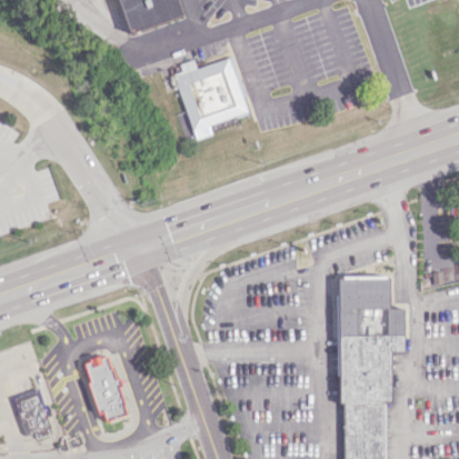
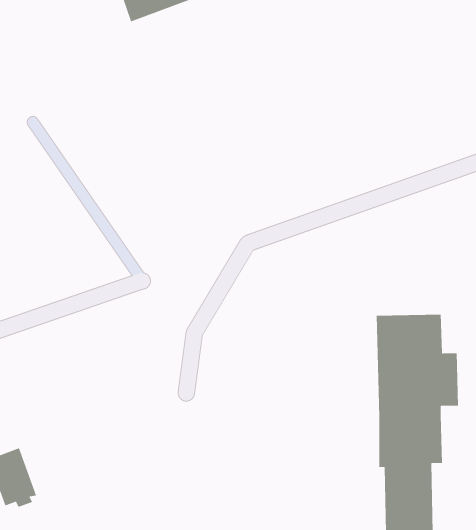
building: [177,59,249,130] -> none
building: [86,355,130,422] -> none

